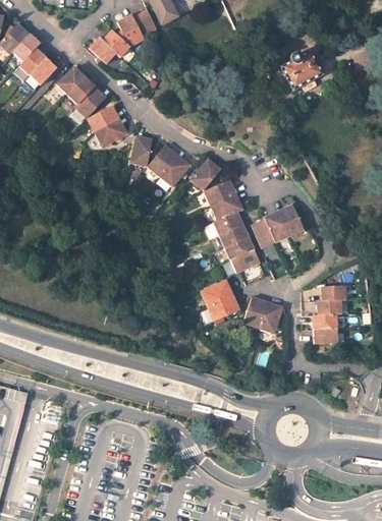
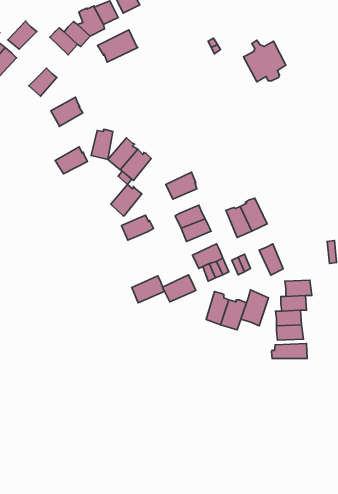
building: none -> [97,30,138,62]
building: [57,66,86,94] -> [8,21,37,49]
building: [76,85,106,117] -> none
building: [98,120,129,147] -> [55,147,87,174]
building: [189,160,220,190] -> [111,185,142,216]
building: [210,194,241,219] -> [122,215,154,240]
building: [250,218,273,248] -> [259,244,283,275]
building: [223,236,253,259] -> none
building: none -> [241,290,269,326]
building: [207,294,238,321] -> [132,276,164,303]
building: none -> [272,344,307,359]

